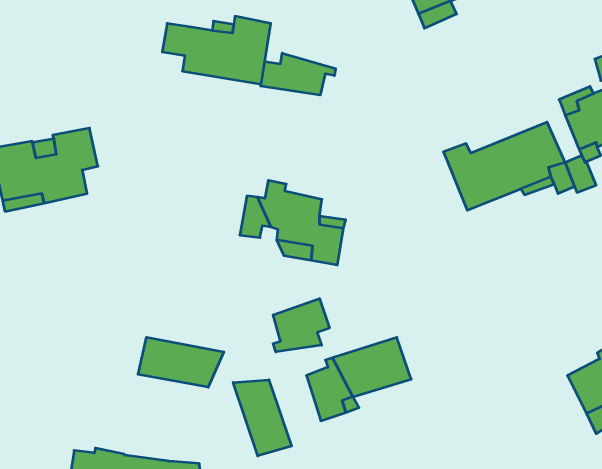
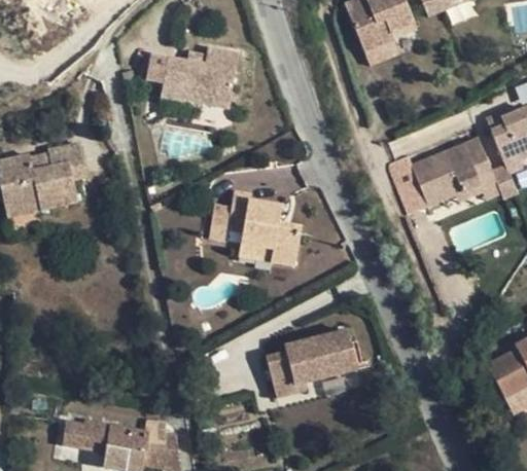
building: [261,53,336,95] -> none
building: [273,299,329,352] -> none
building: [138,337,224,387] -> none
building: [233,380,292,456] -> none

